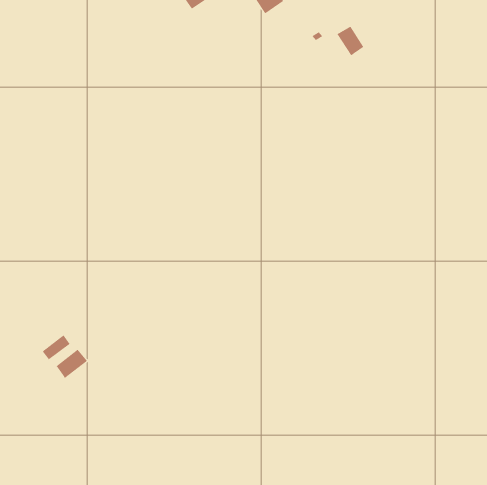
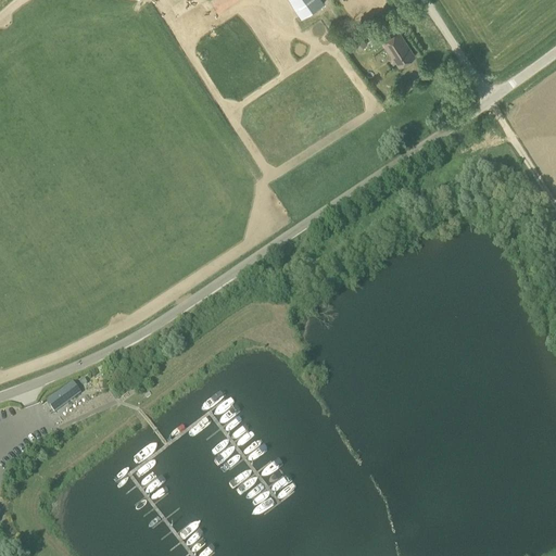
building: [56,349,88,379] -> none

